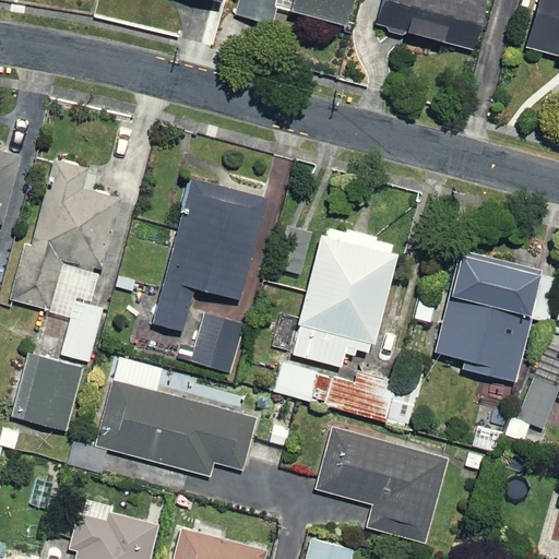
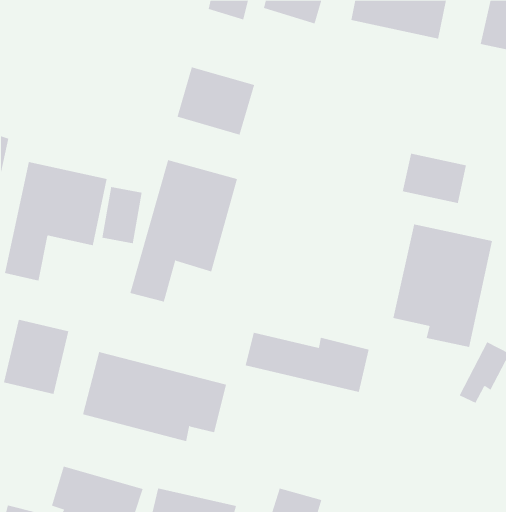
building: none -> [177,66,255,135]
building: none -> [402,153,467,204]
building: [285,235,404,370] -> none
building: [60,298,105,360] -> [101,187,143,244]
building: [191,309,250,372] -> none
building: [317,427,447,546] -> none

